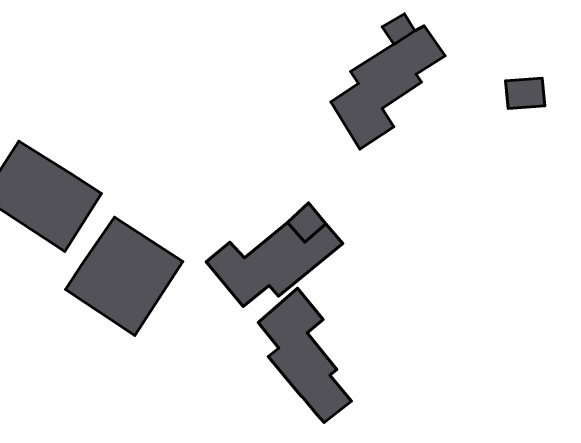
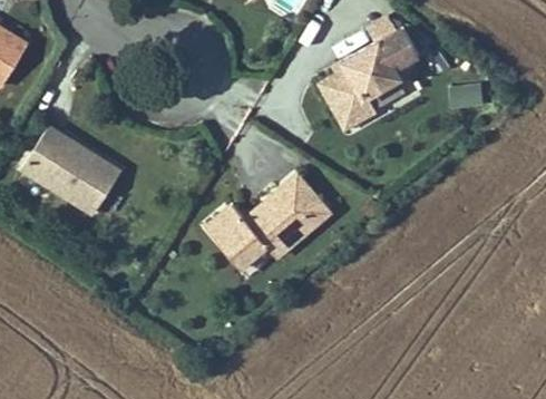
building: [66,217,183,335] -> none
building: [258,288,352,422] -> none

